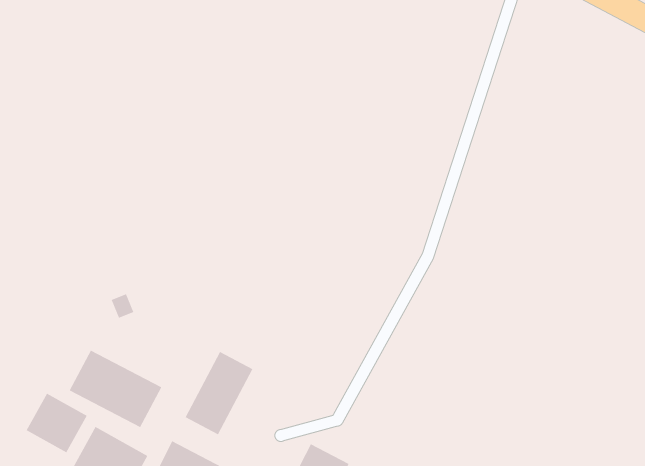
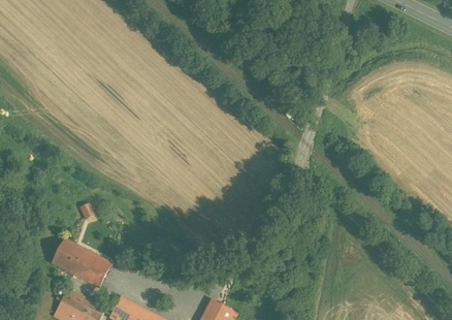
building: [185,351,253,435] -> none
building: [26,393,88,453] -> none

